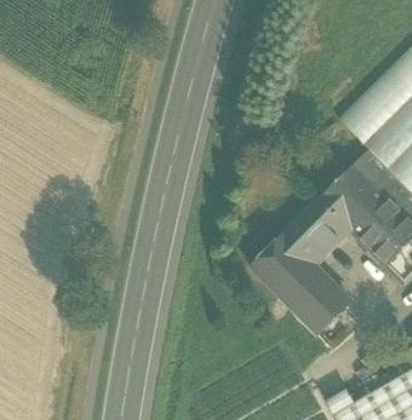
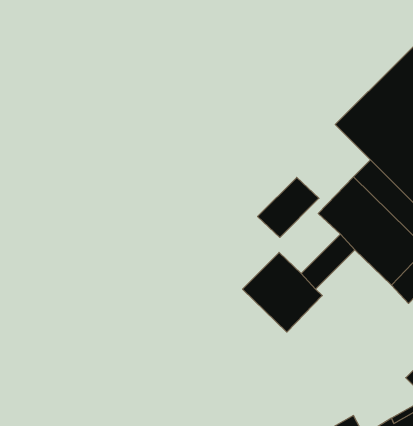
building: [284,201,341,257] -> [258,177,319,237]
building: [291,277,351,339] -> none

